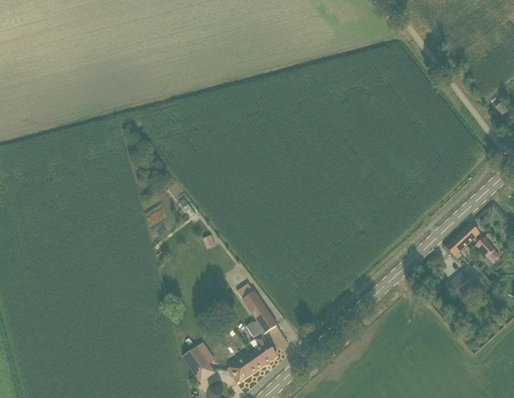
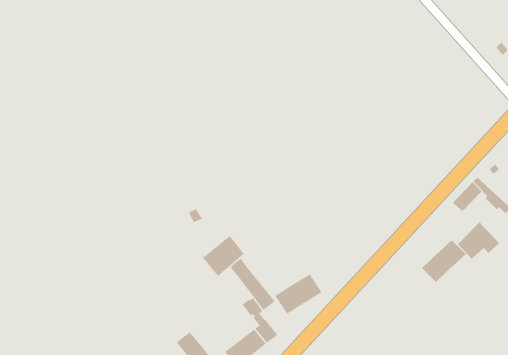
building: none -> [202,235,245,277]
building: none -> [421,239,466,283]
building: none -> [275,274,322,314]

